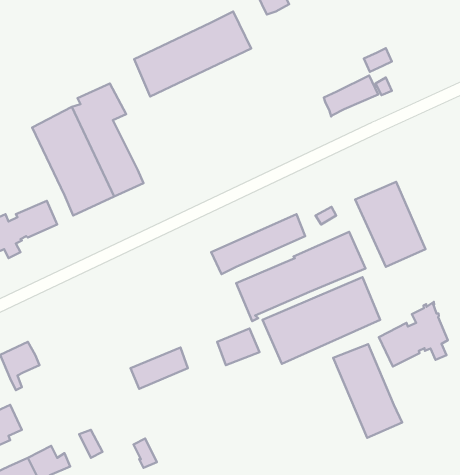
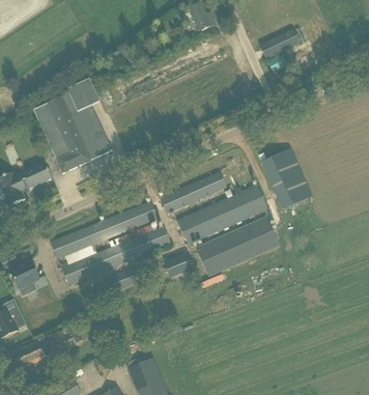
building: [134,11,251,96] -> none
building: [324,75,378,117] -> [260,29,299,58]
building: none -> [54,201,170,285]
building: [379,302,448,366] -> none
building: [333,344,402,438] -> none

